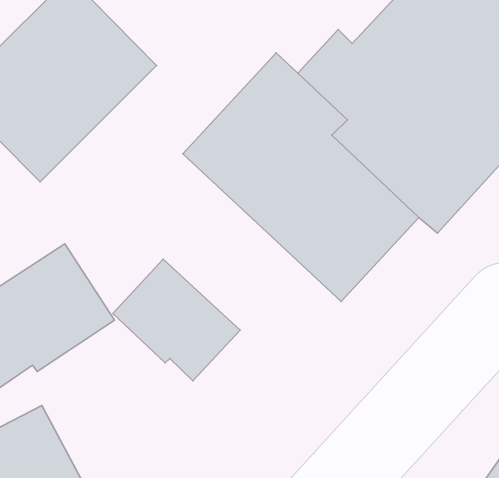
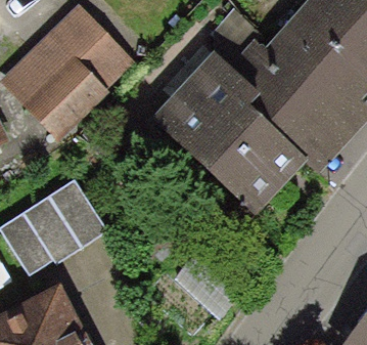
building: [113,259,240,381] -> none

